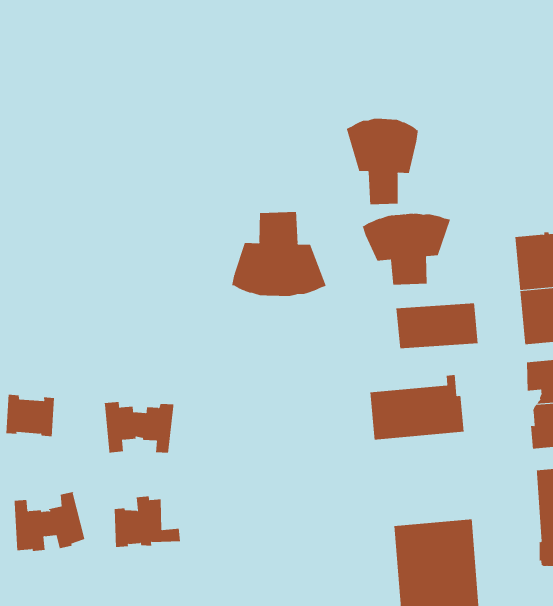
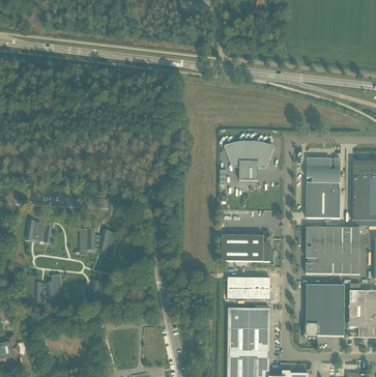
building: [346,118,419,205] -> none
building: [232,211,326,297] -> none
building: [396,303,479,349] -> [227,277,269,299]

